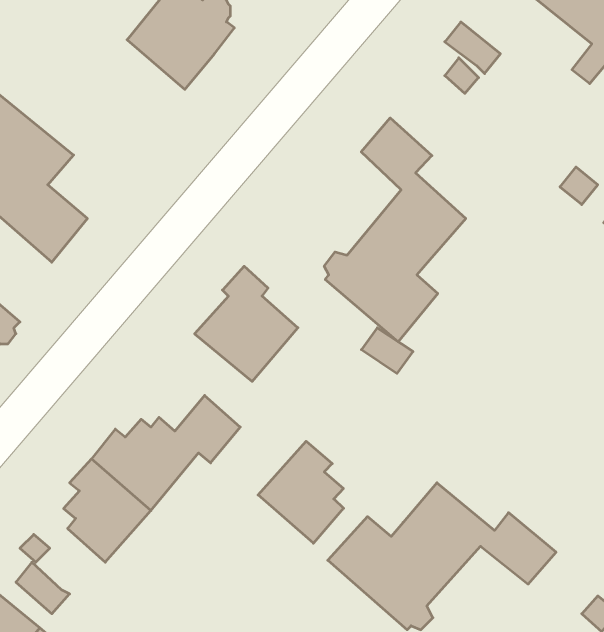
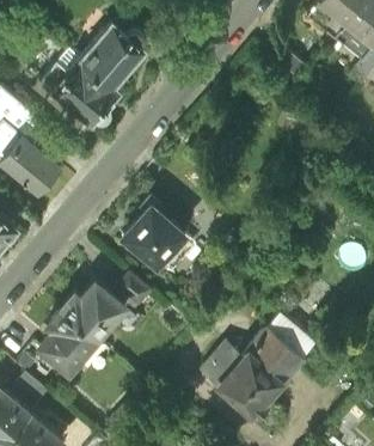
building: none -> [43,49,121,126]
building: [324,118,466,342] -> none
building: [258,441,344,543] -> none

